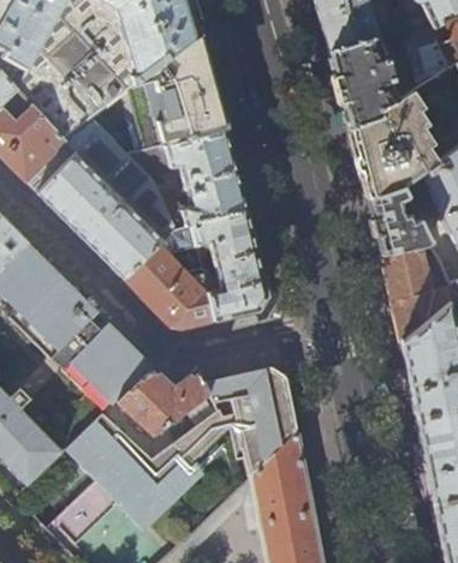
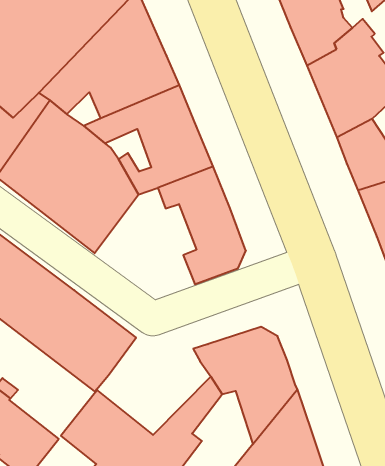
building: [123,226,214,329] -> none
building: [120,365,209,435] -> none

